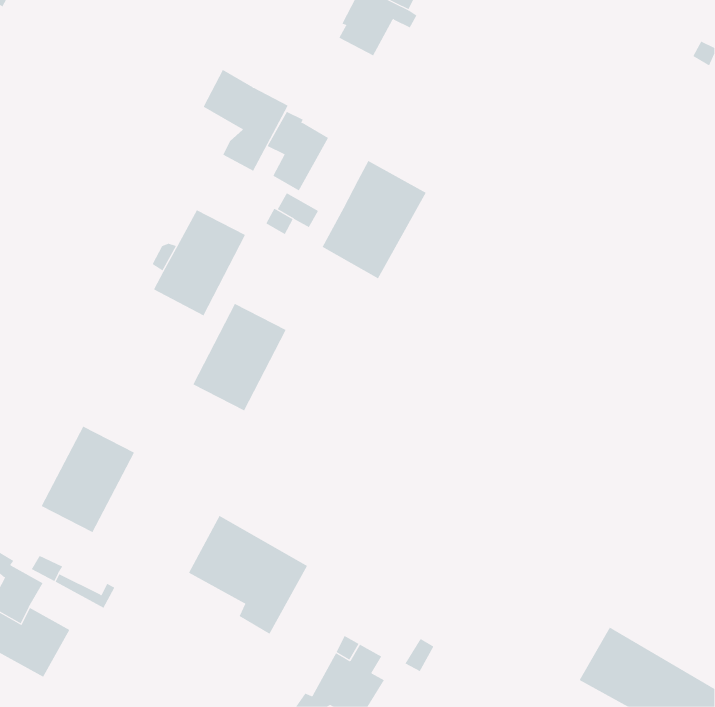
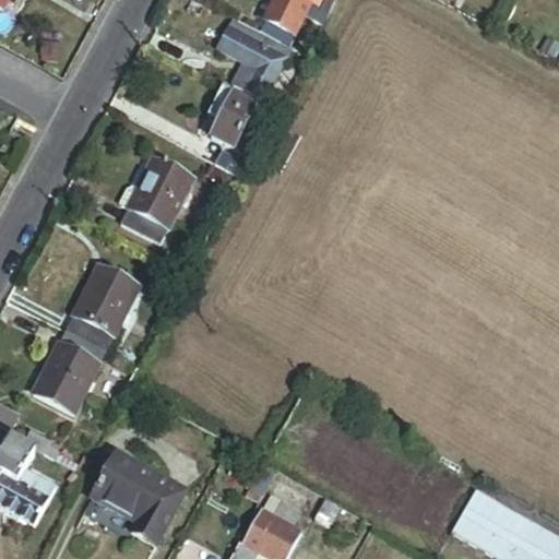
building: [203,69,288,172] -> [224,15,290,95]
building: [322,160,427,279] -> none
building: [192,303,287,411] -> [64,267,138,352]
building: [188,515,308,635] -> [90,452,182,545]

